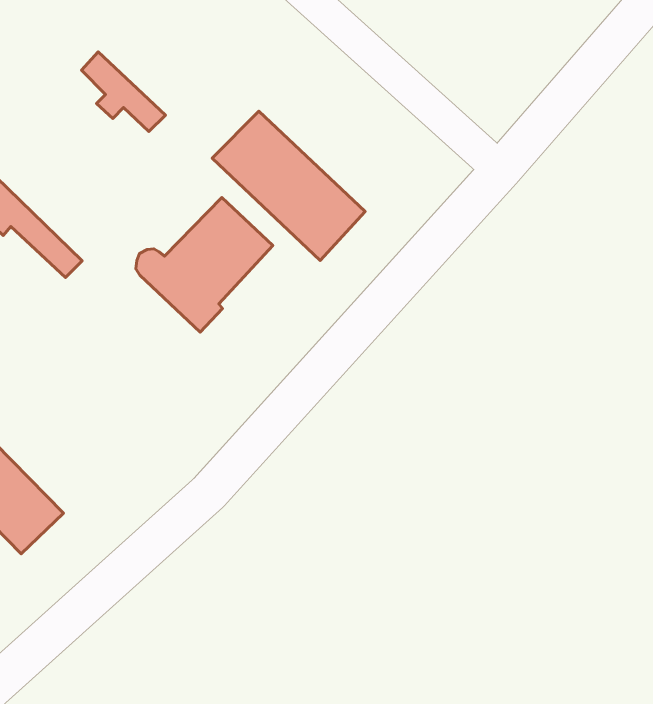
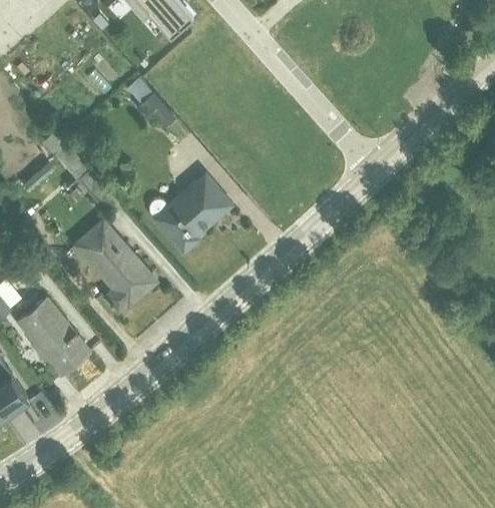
building: [212,111,365,261] -> none
building: none -> [72,219,153,311]

